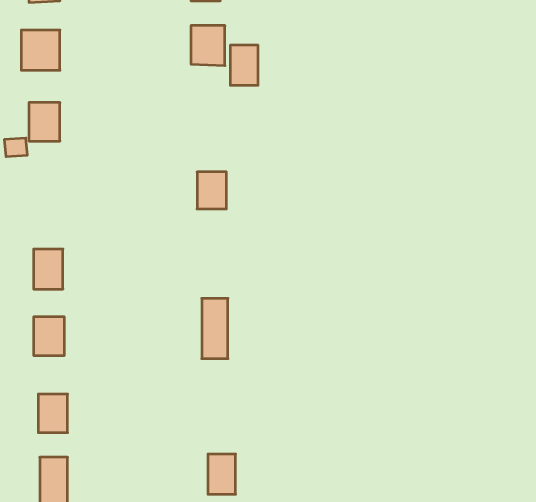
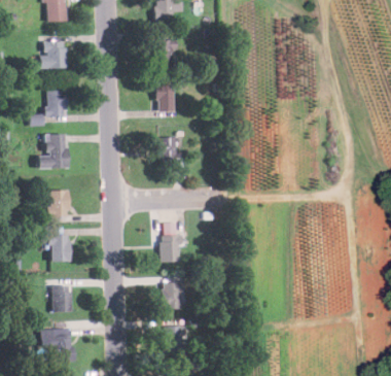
building: [230,45,258,85] -> [156,86,175,112]
building: none -> [39,135,69,168]
building: none -> [163,282,183,308]

